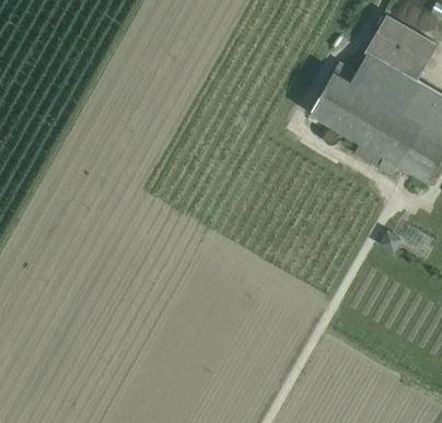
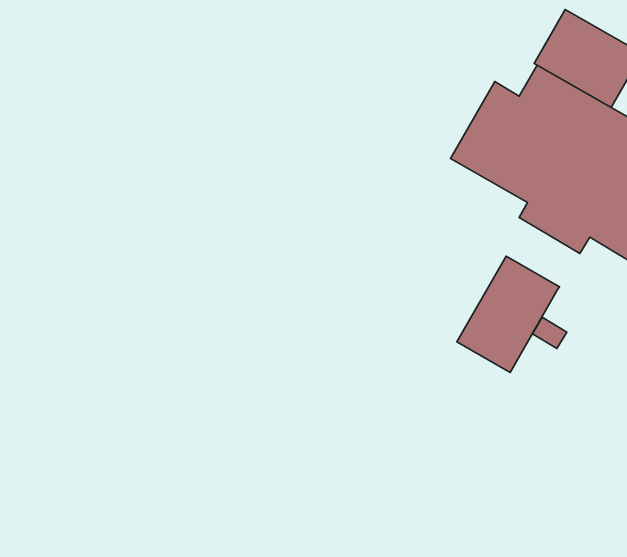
building: none -> [457,256,560,372]

